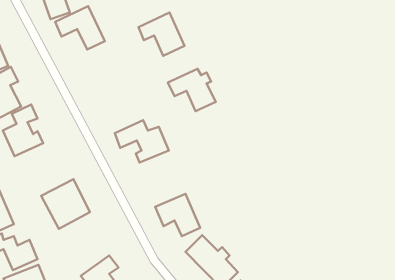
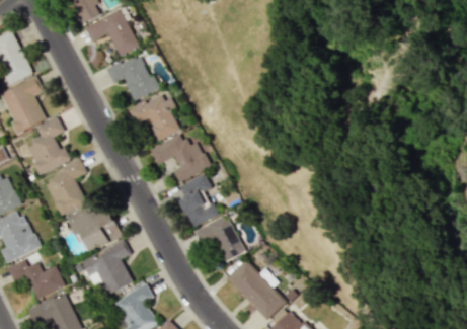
building: [138,13,184,56] -> [106,53,157,100]
building: [168,69,216,111] -> [128,93,180,140]
building: none -> [45,158,87,215]
building: none -> [178,173,219,227]
building: none -> [82,240,133,296]

